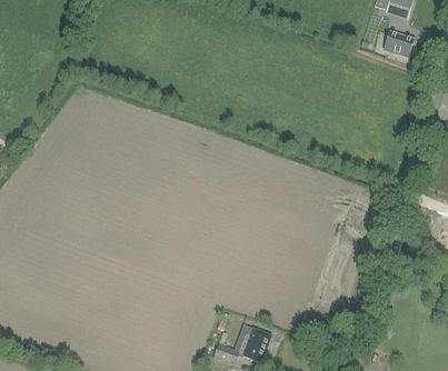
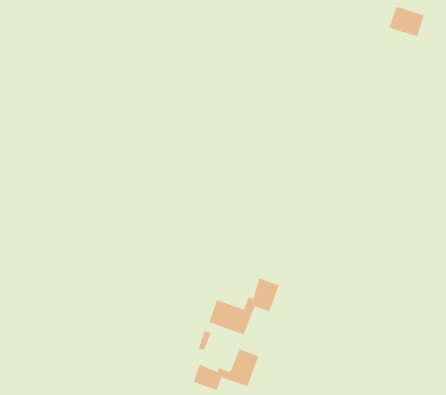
building: none -> [209,278,280,335]

